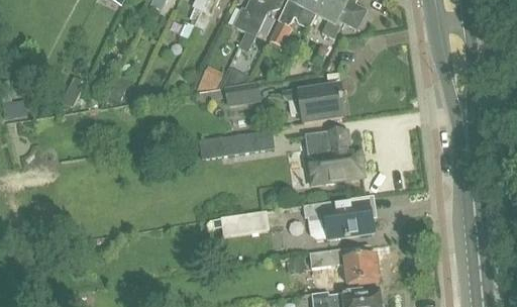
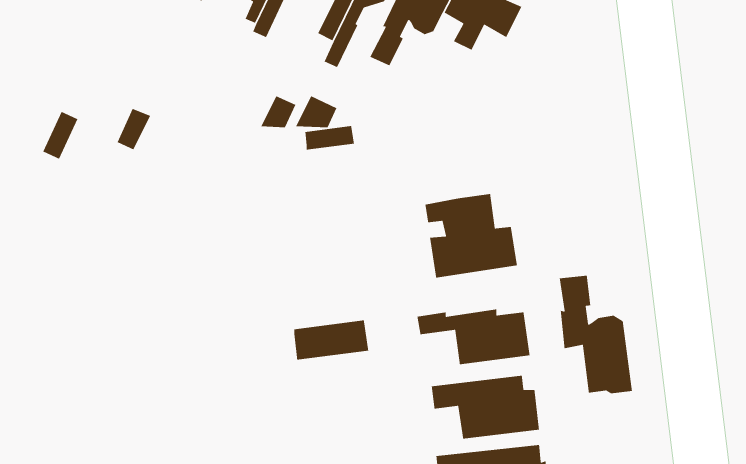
building: [282,85,343,121] -> none
building: [200,130,274,159] -> none
building: none -> [559,275,633,394]

